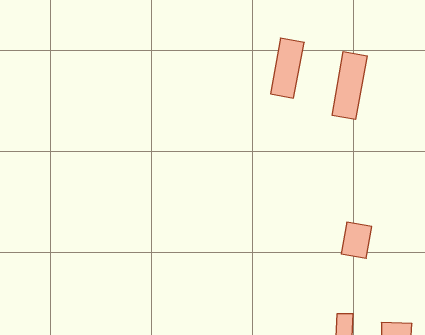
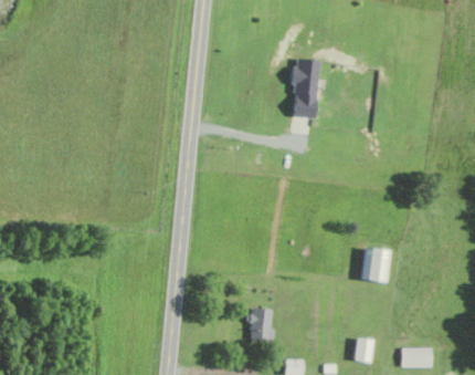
building: [332,52,367,119] -> none
building: none -> [249,308,272,340]

